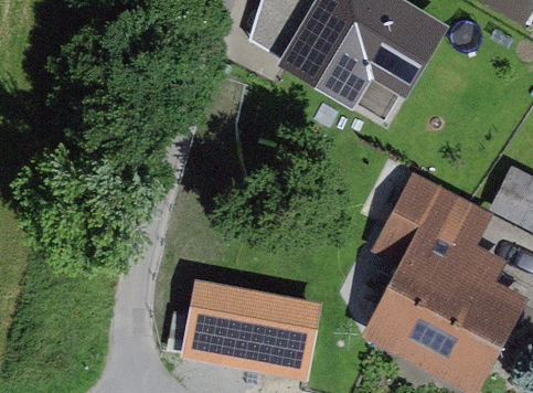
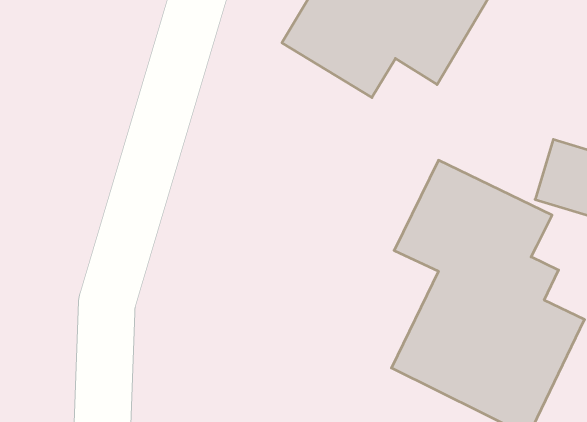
building: [179,279,322,381] -> none

